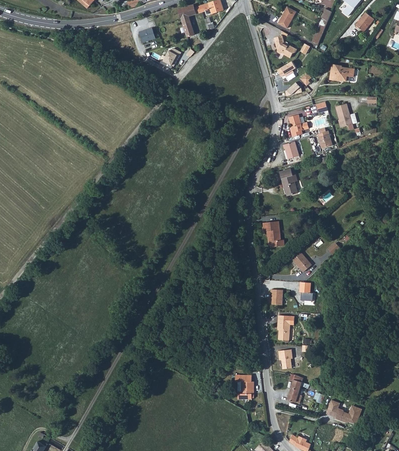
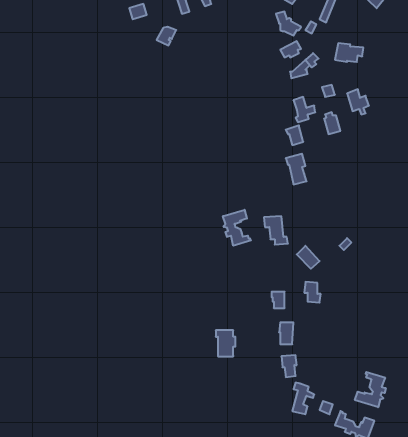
building: none -> [223,210,251,246]
building: none -> [355,372,386,407]
building: [235,376,253,400] -> [216,330,235,356]

